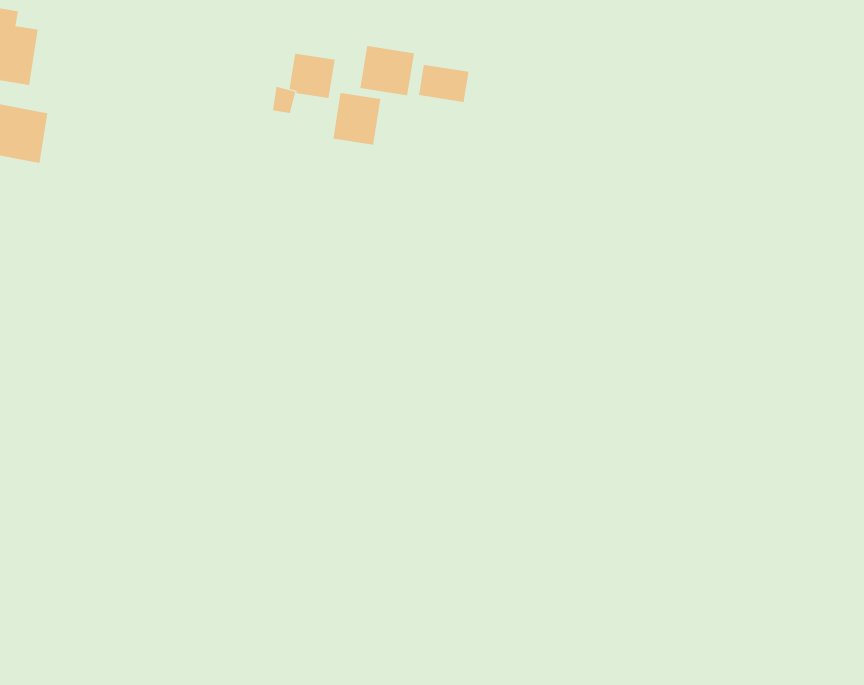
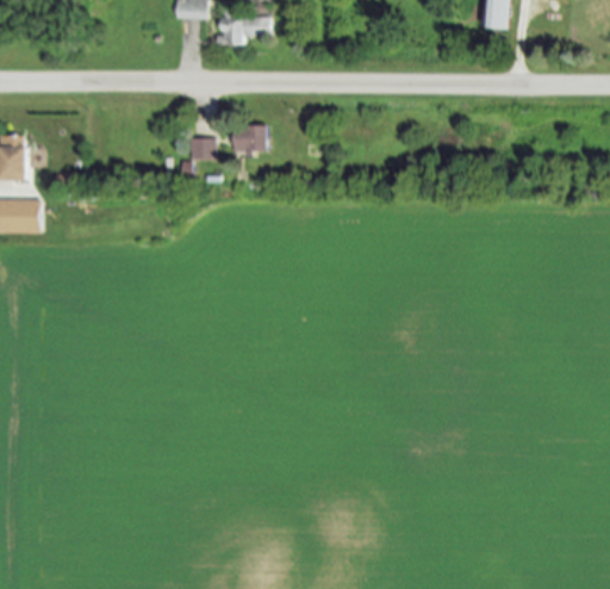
building: [419,64,469,103] -> none
building: [333,92,381,145] -> none

